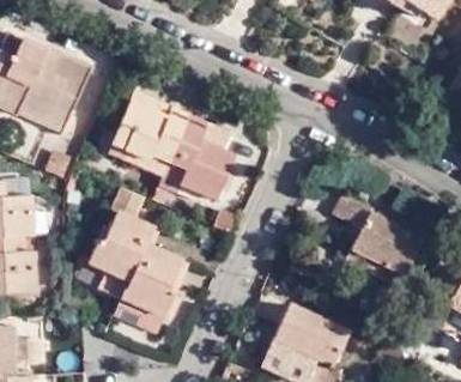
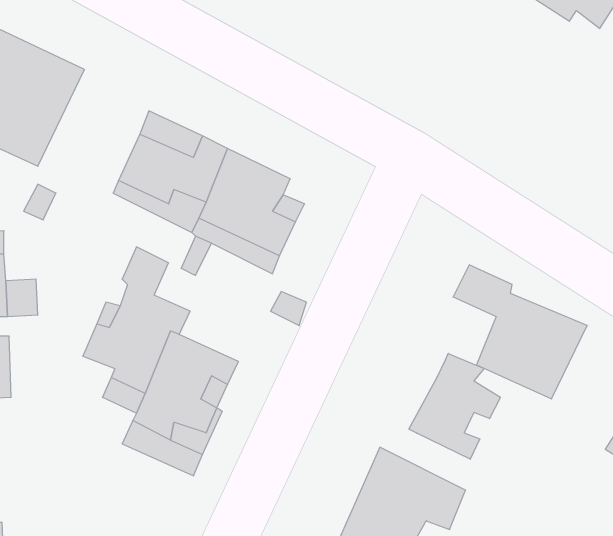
building: none -> [409,353,500,459]

